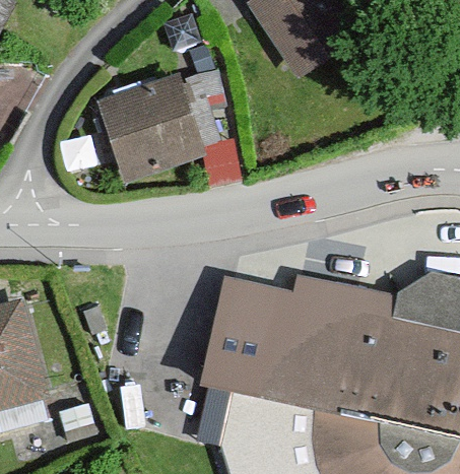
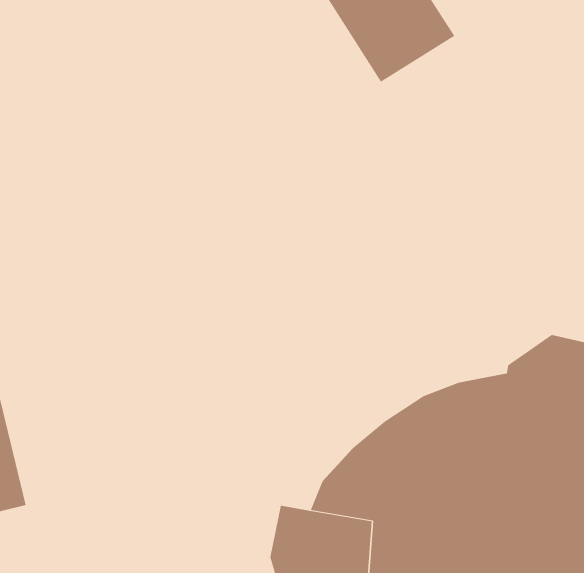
building: [98,77,206,186] -> none
building: [200,274,397,404] -> none

